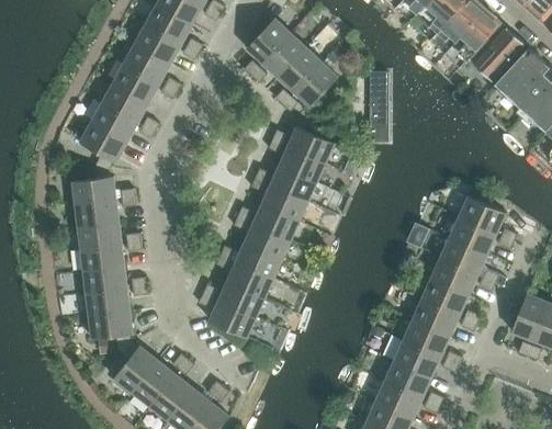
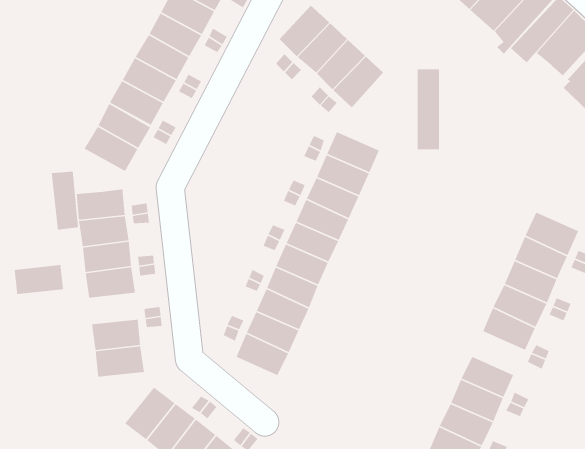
building: none -> [51,171,79,231]
building: [83,266,126,292] -> [14,264,64,295]
building: [413,298,459,336] -> none

